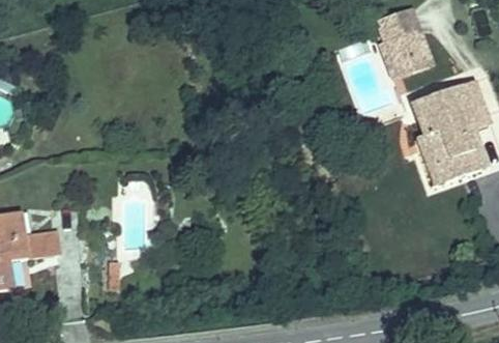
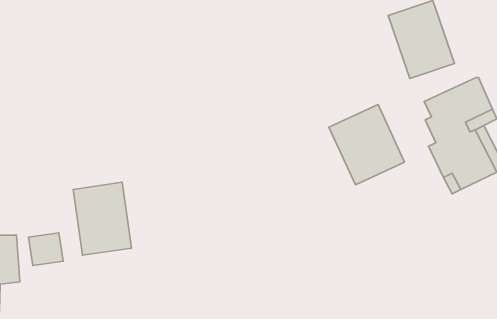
building: none -> [329,104,405,185]
building: none -> [73,182,132,255]

